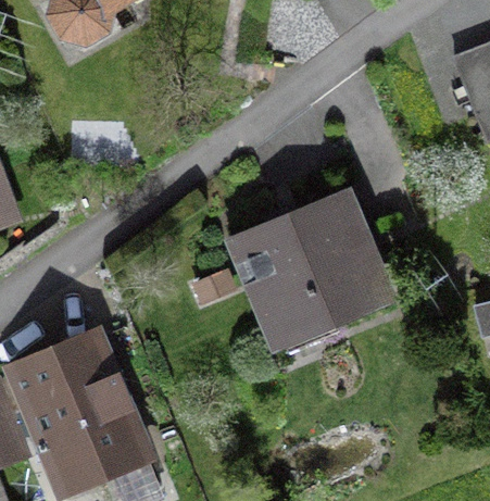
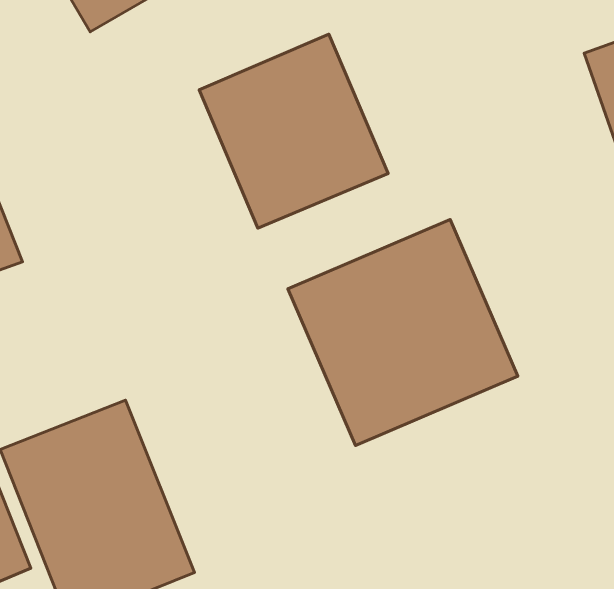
building: none -> [199,34,388,228]

